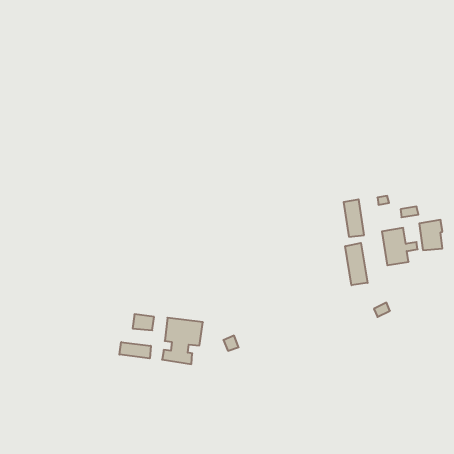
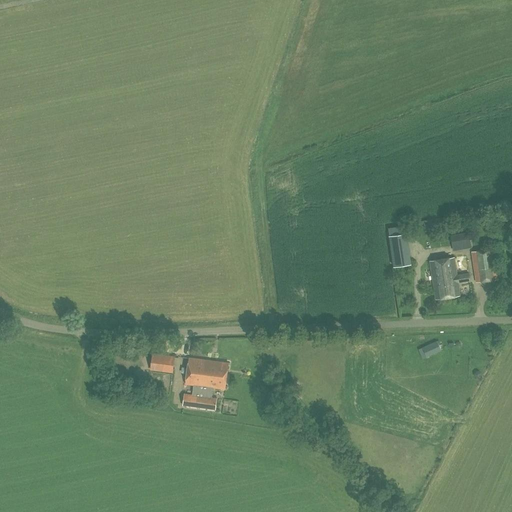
building: [345,243,368,285] -> none
building: [119,342,151,358] -> none

